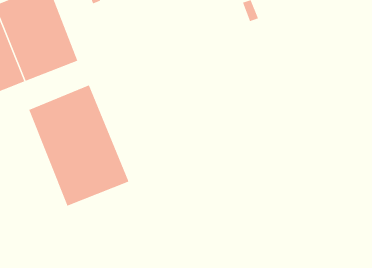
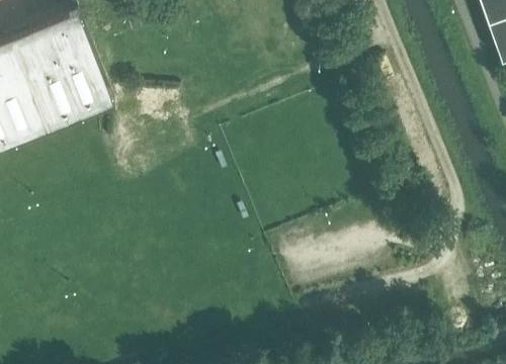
building: [29,84,129,207] -> none

